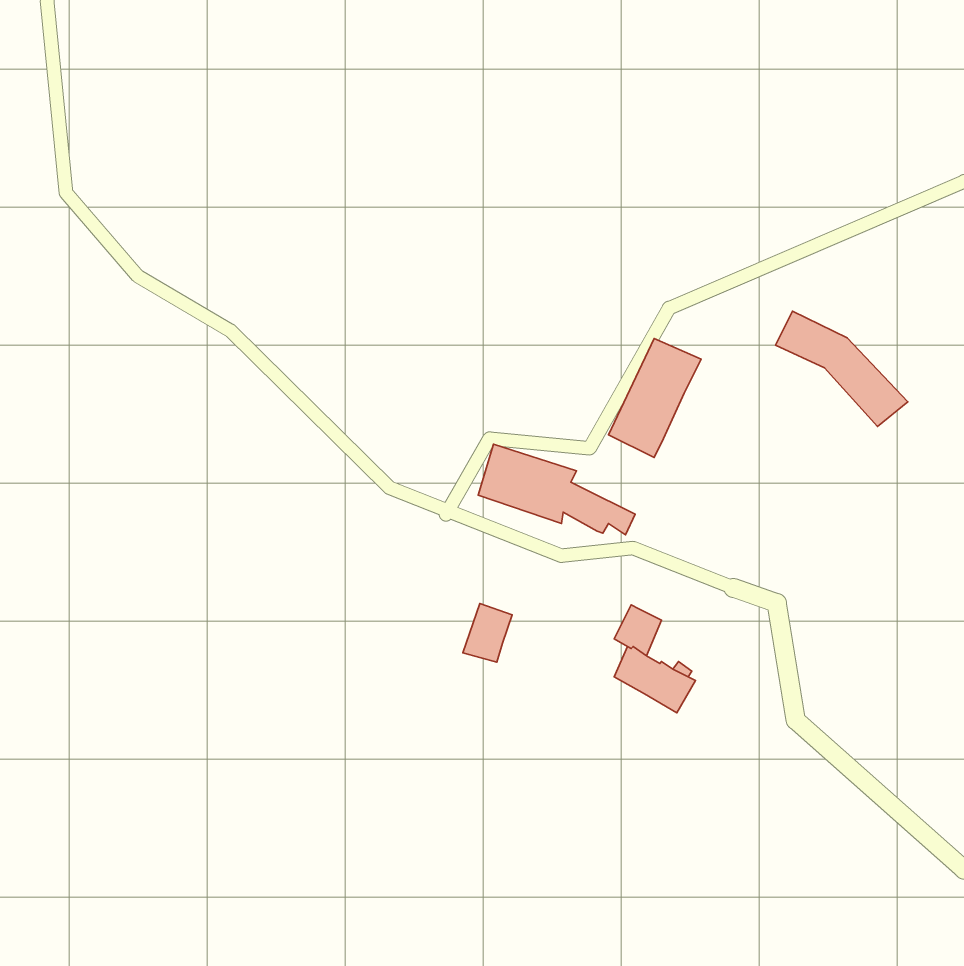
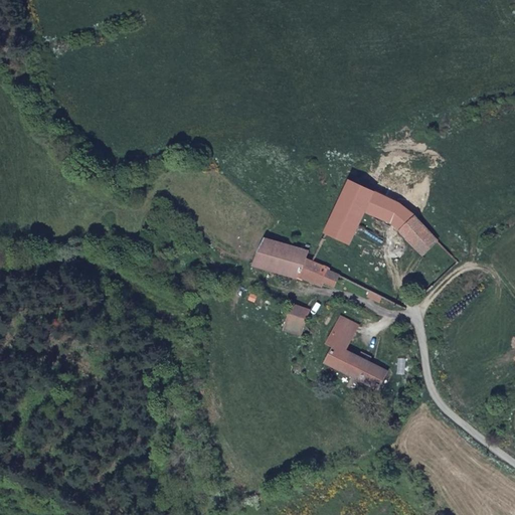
building: [775,311,908,427] -> [364,191,435,252]
building: [463,604,512,662] -> [281,303,307,334]
building: none -> [360,362,386,389]

